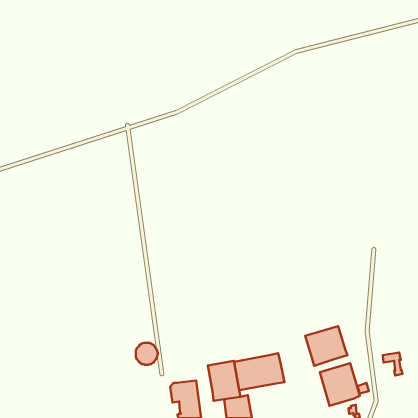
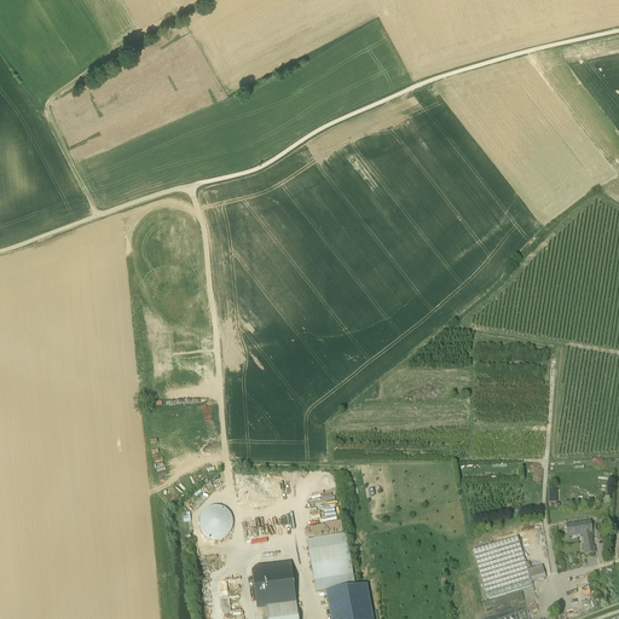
building: [305,326,348,366] -> none
building: [234,353,285,390] -> none

